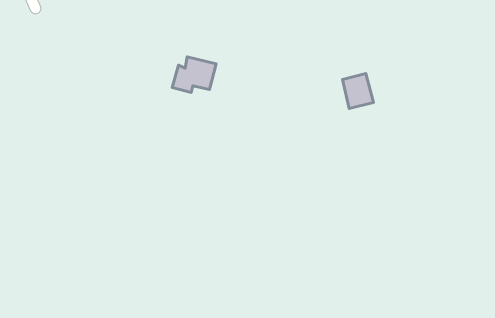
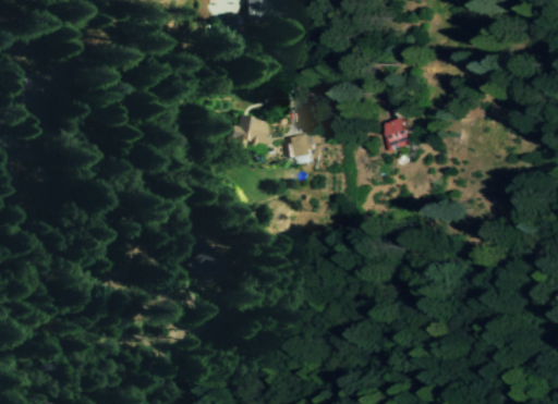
building: none -> [287,132,312,157]

